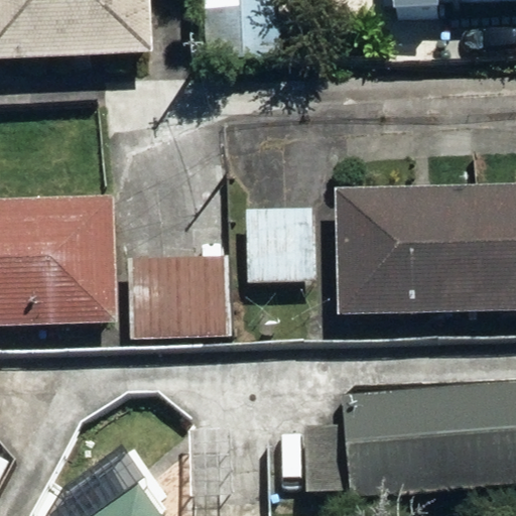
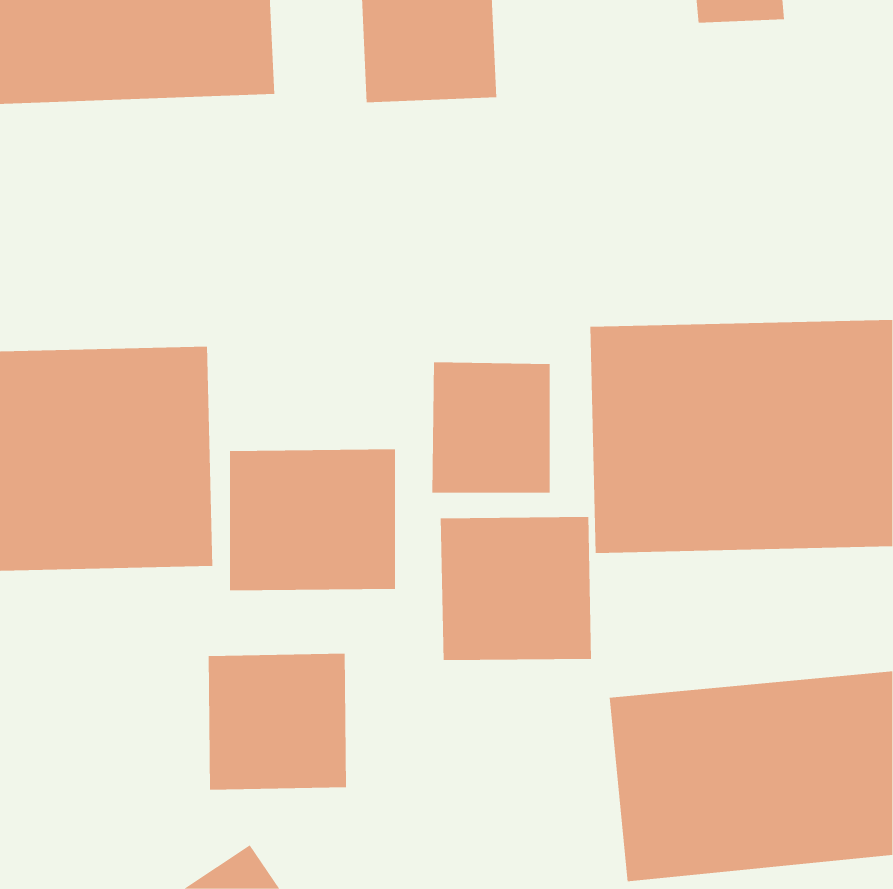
building: none -> [440,516,592,661]
building: none -> [208,653,347,790]

